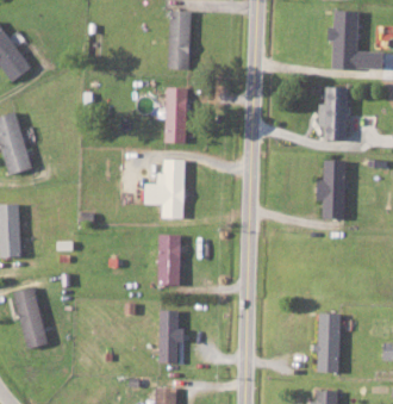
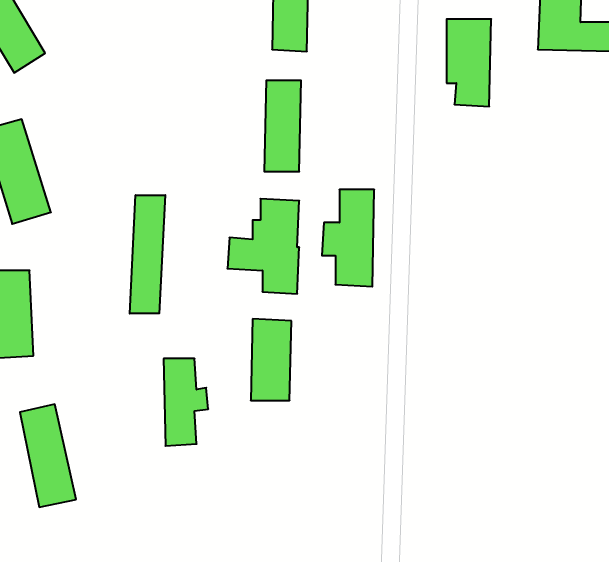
building: [320,87,348,141] -> [447,19,491,106]
building: none -> [130,195,165,314]
building: [313,160,345,219] -> [322,190,374,287]
building: [157,310,185,363] -> [164,359,208,446]
building: [316,313,341,372] -> none

